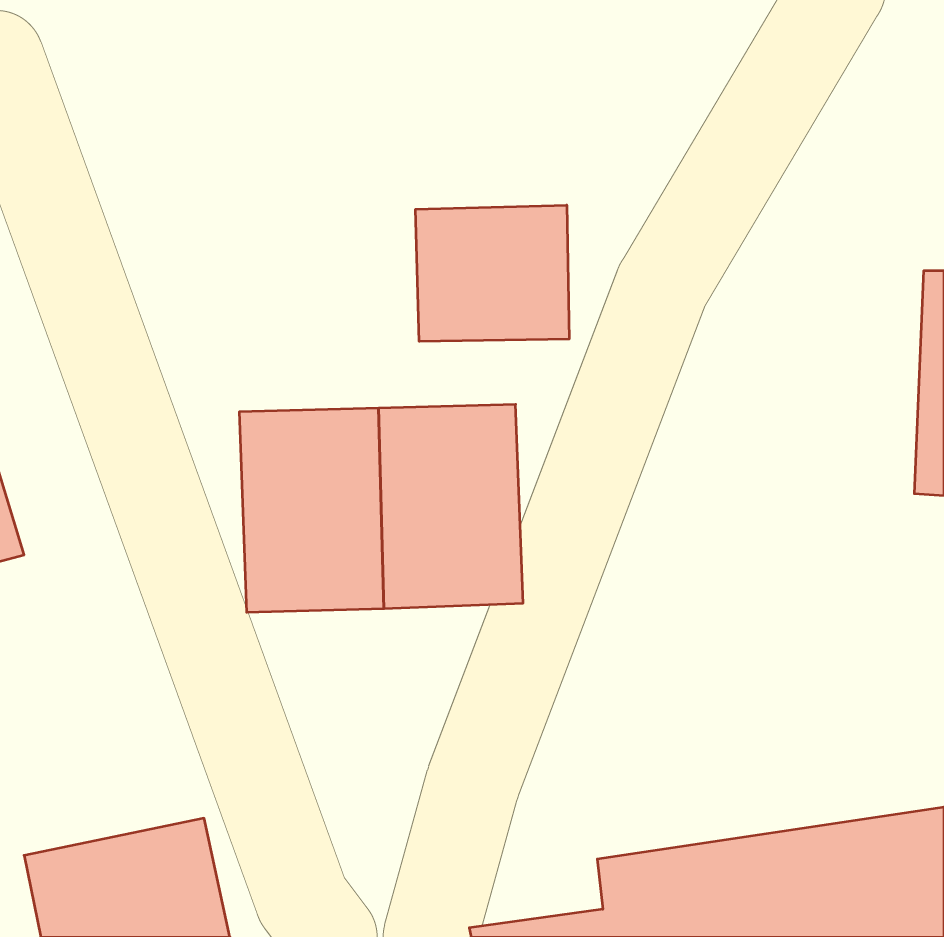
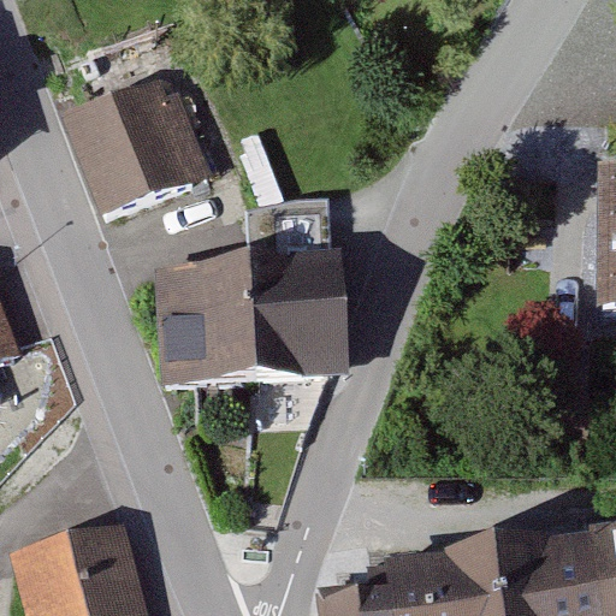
building: none -> [79,82,220,220]
building: [416,205,569,341] -> none

